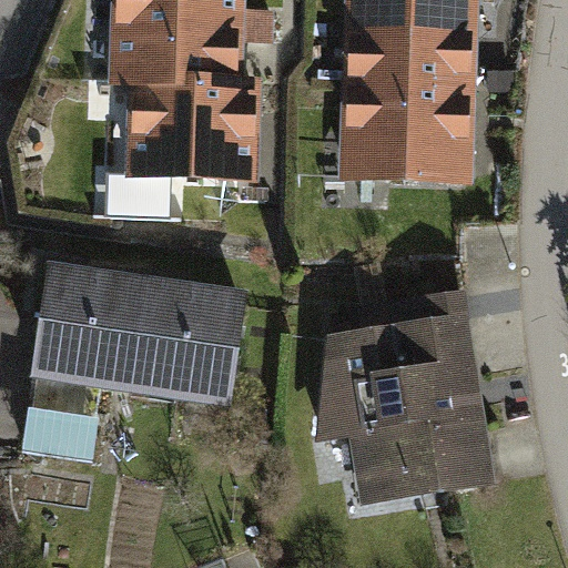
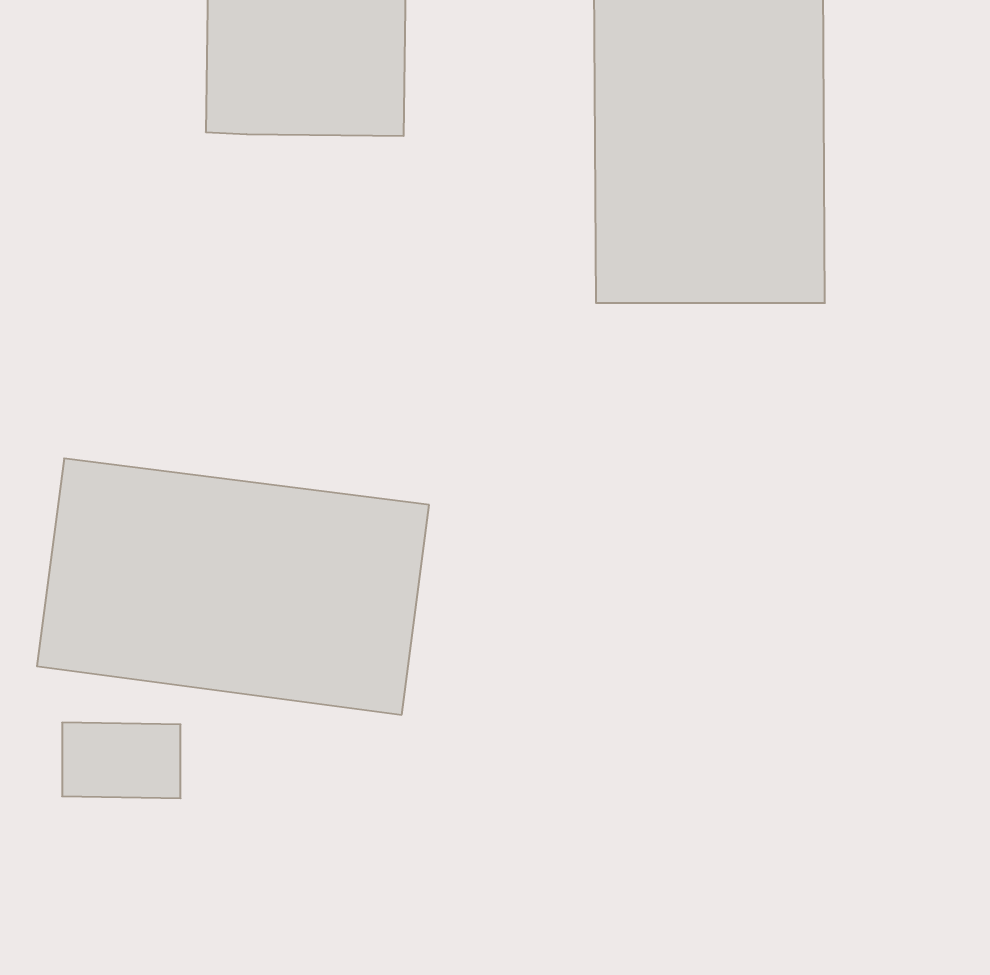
building: [111,77,253,210] -> none
building: [334,304,493,505] -> none

